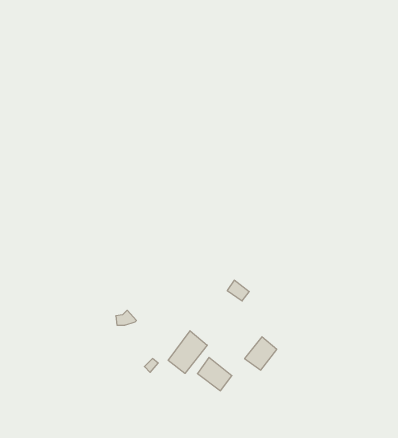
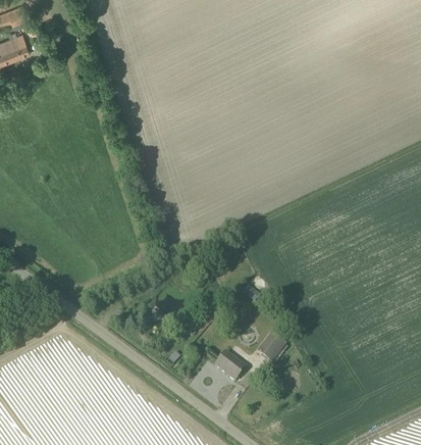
building: [168,331,207,373] -> none

